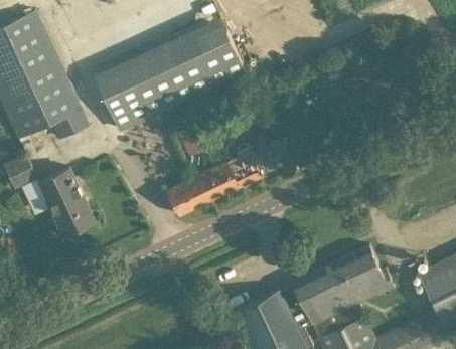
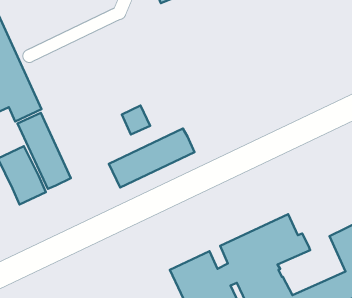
building: [94,16,247,132] -> none
building: none -> [18,113,71,189]

